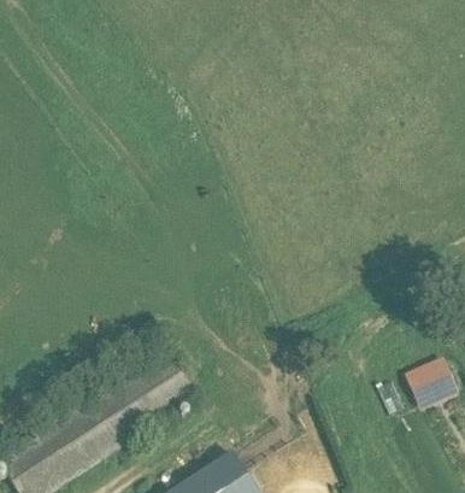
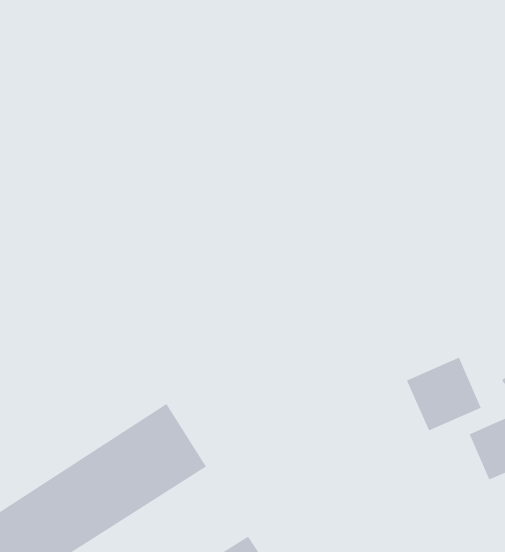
building: none -> [406,357,482,431]

